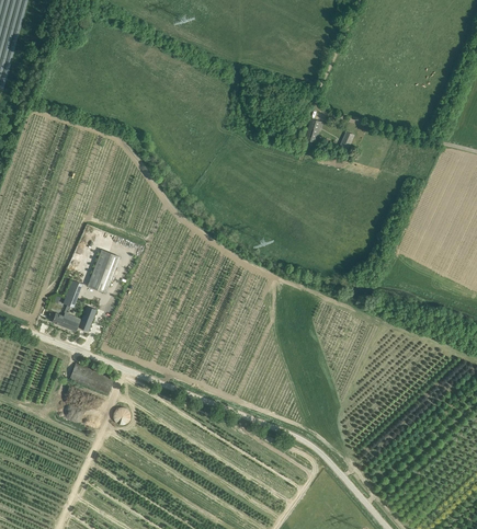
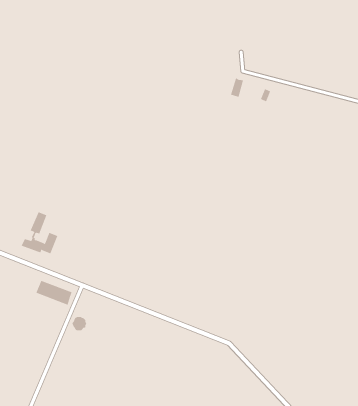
building: [86,250,120,294] -> none

